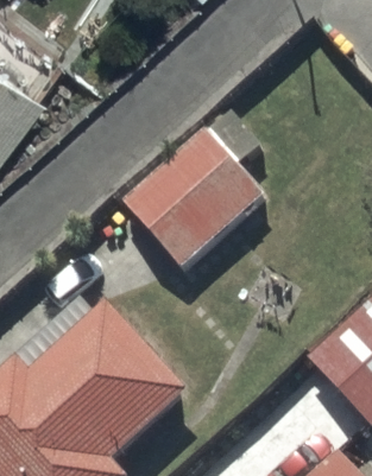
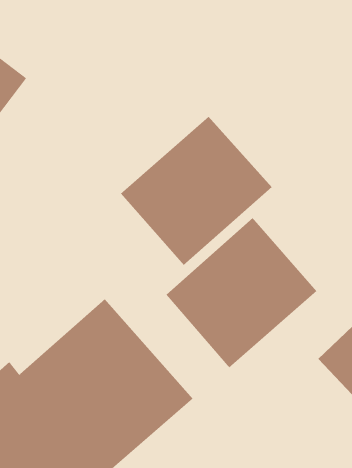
building: none -> [165,217,318,368]

